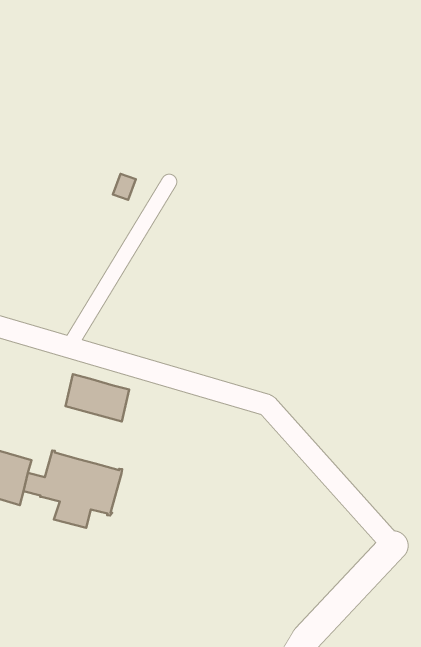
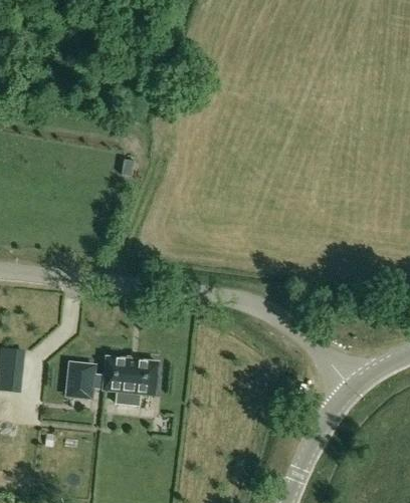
building: [66,374,129,421] -> none

